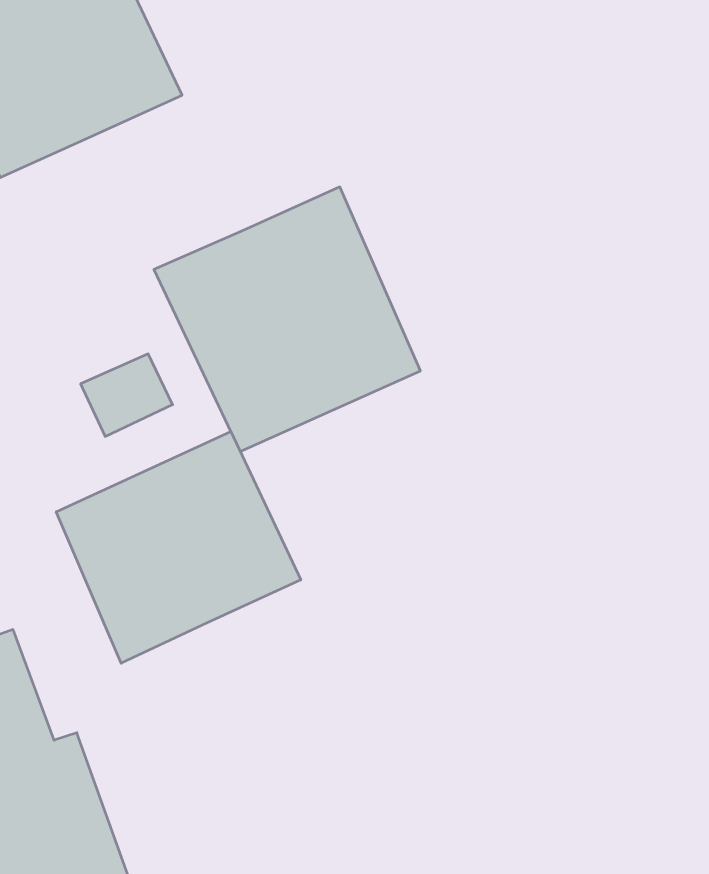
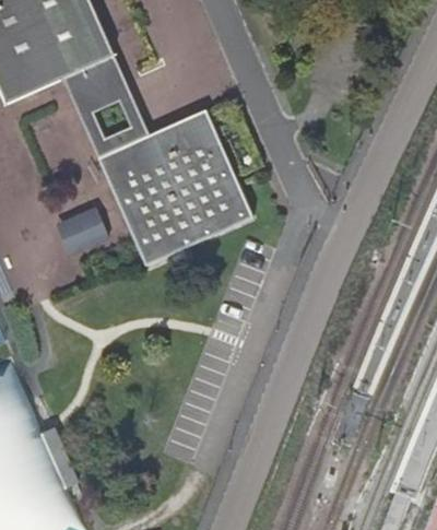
building: none -> [60,57,149,158]
building: [56,431,301,663] -> none

